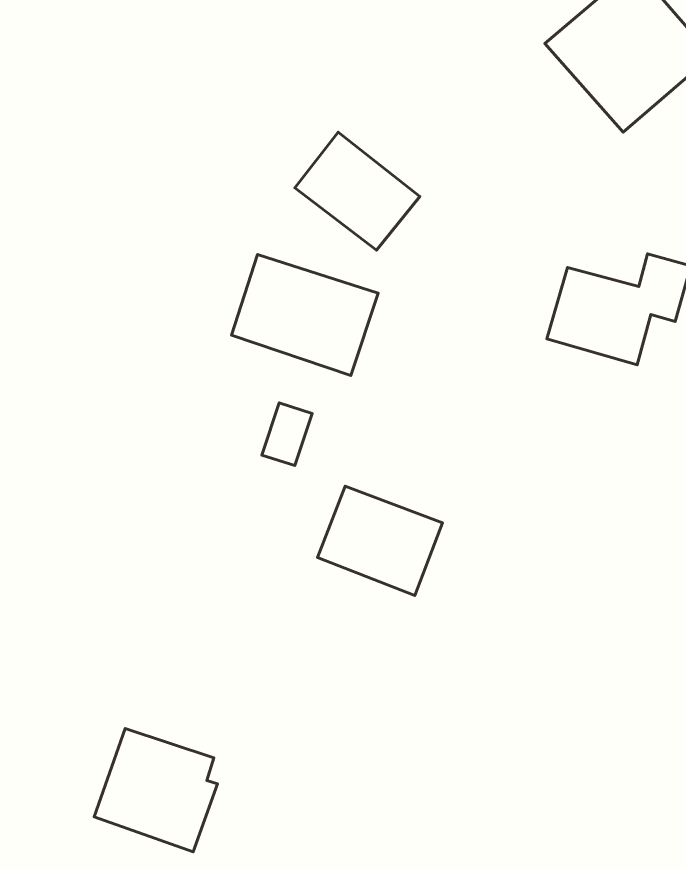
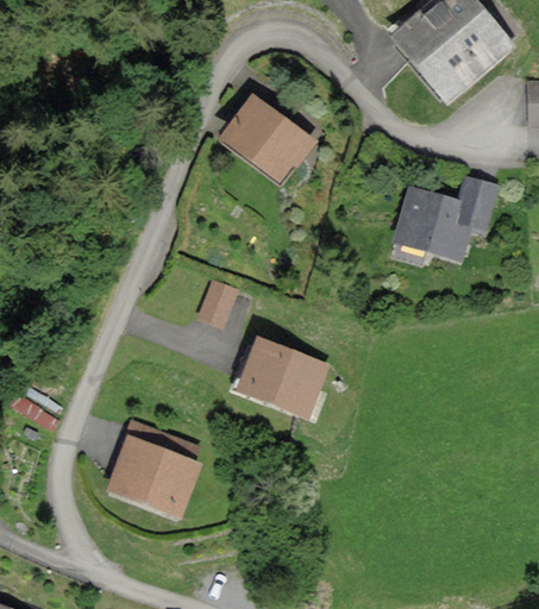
building: [231,254,378,375] -> none
building: [94,728,217,852] -> [111,427,195,511]

